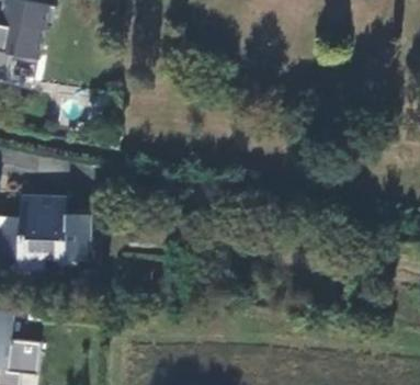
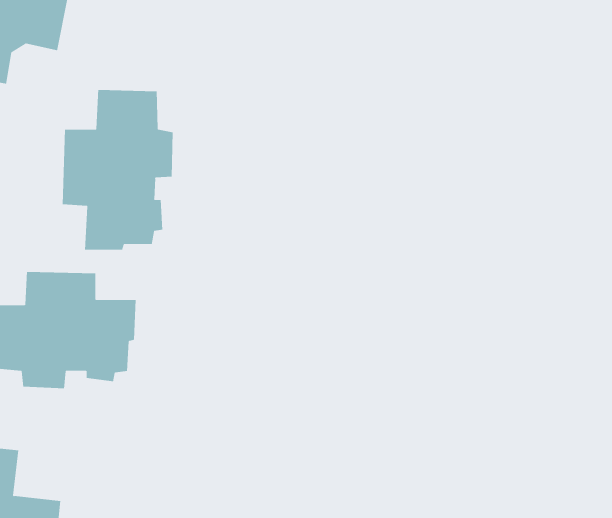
building: none -> [62,89,173,250]

